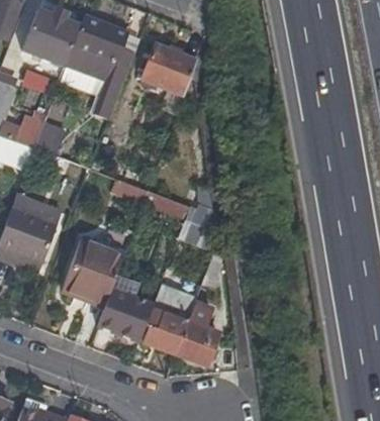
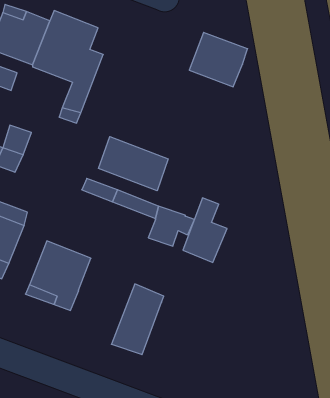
building: [140,40,198,94] -> [189,32,248,87]
building: none -> [99,137,168,191]
building: [97,288,144,335] -> none
building: [173,300,216,363] -> [183,198,227,262]

